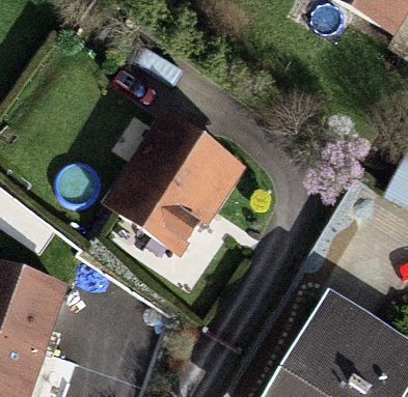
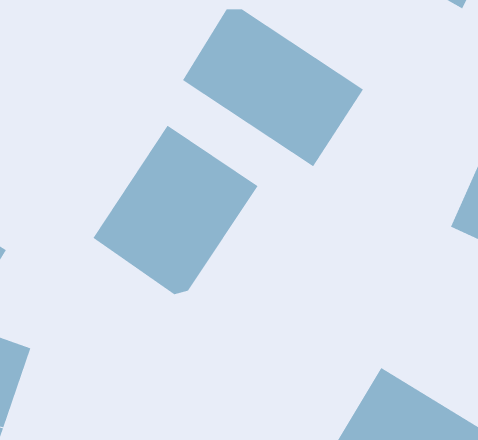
building: none -> [182,9,364,167]

